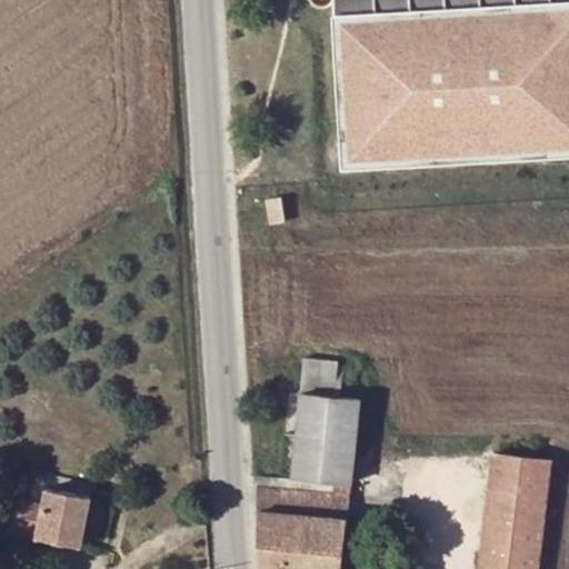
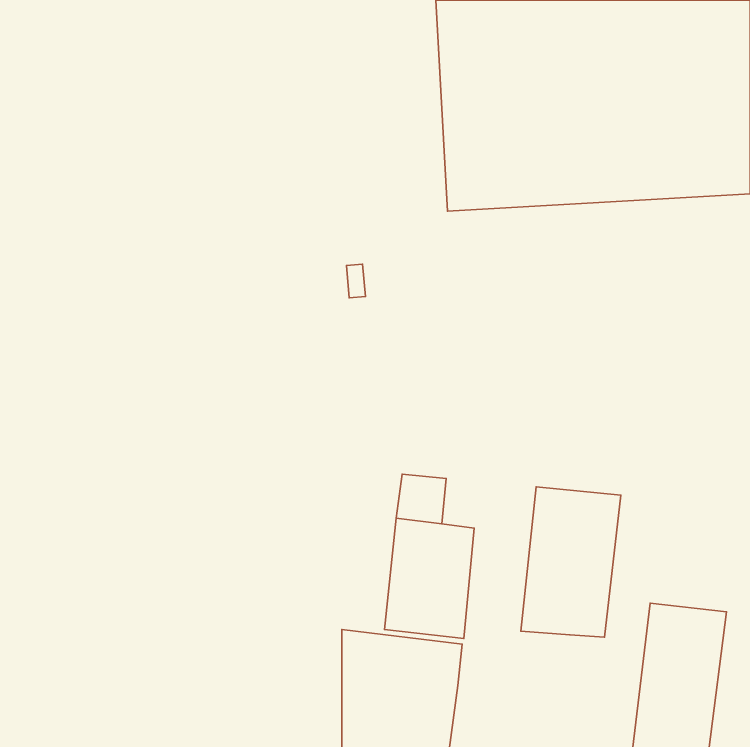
building: none -> [521,487,621,637]
building: [9,491,91,550] -> none

